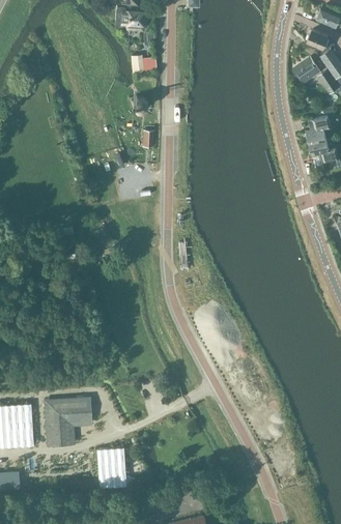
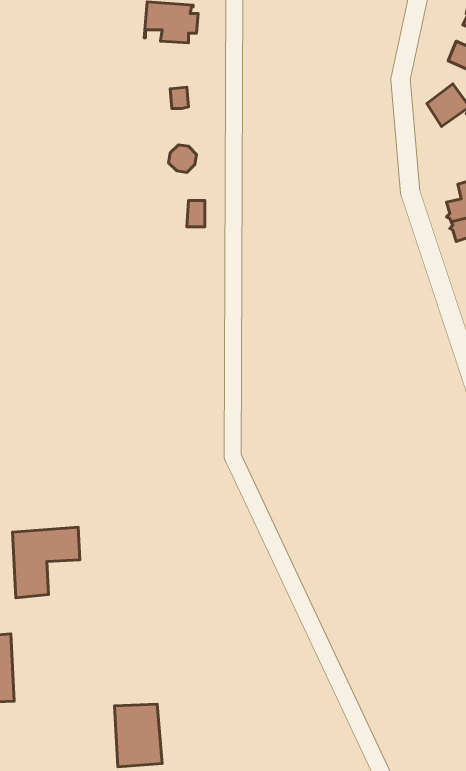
building: [48,400,90,444] -> [12,527,80,598]

